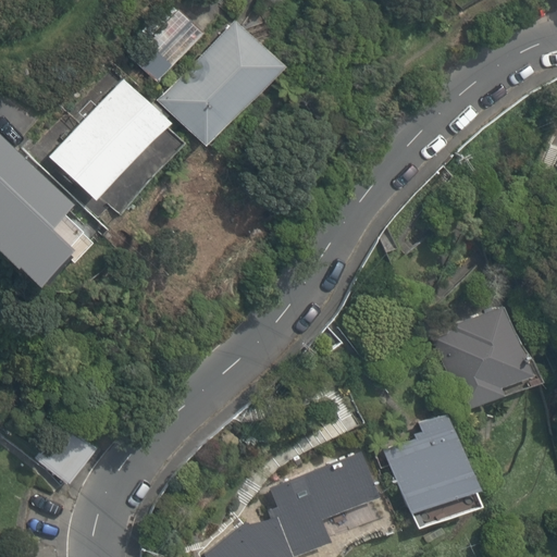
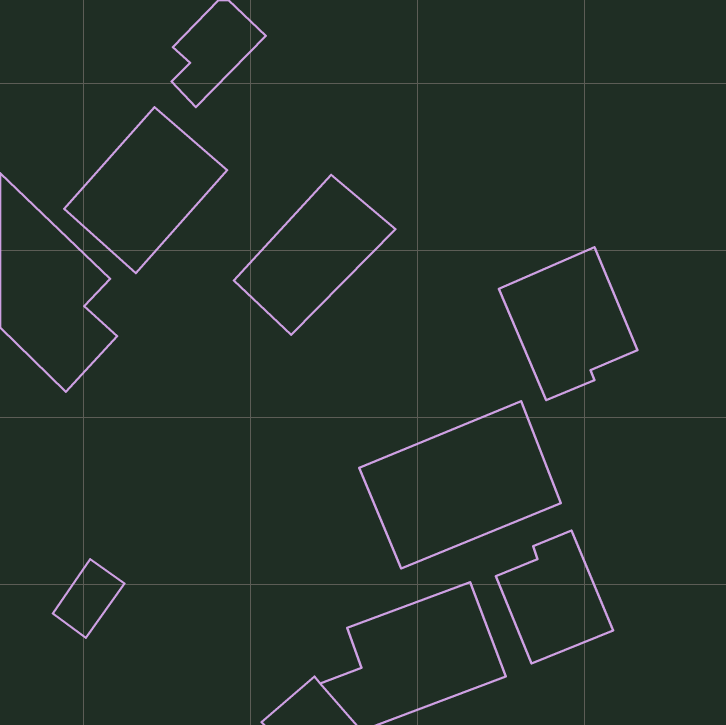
building: [158,22,281,144] -> [234,175,395,335]
building: [435,304,541,420] -> [499,247,638,400]
building: none -> [359,401,561,569]

